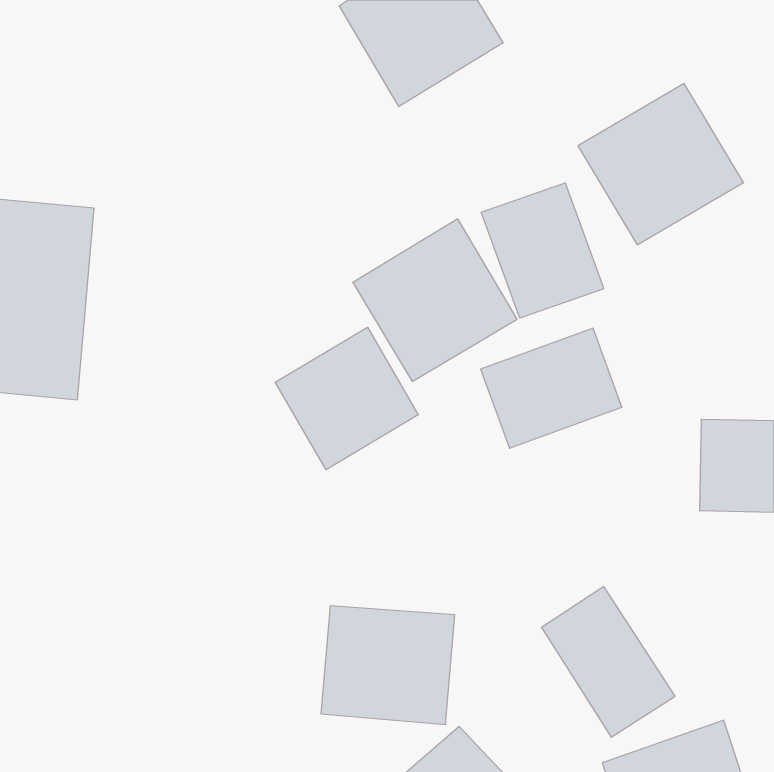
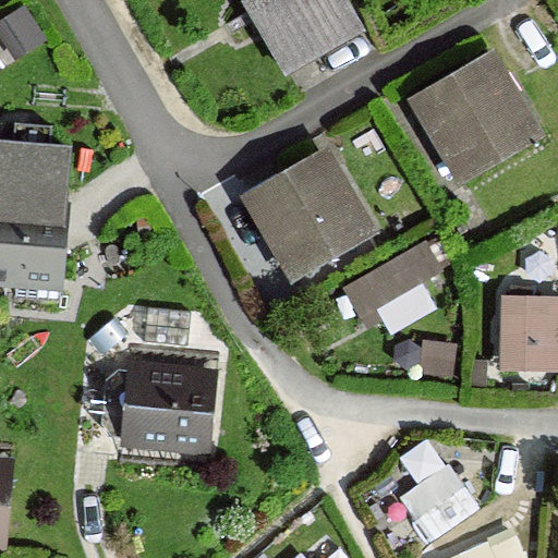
building: [481,183,604,318] -> none
building: [275,327,418,470] -> none
building: [321,606,455,724] -> [121,367,217,452]

